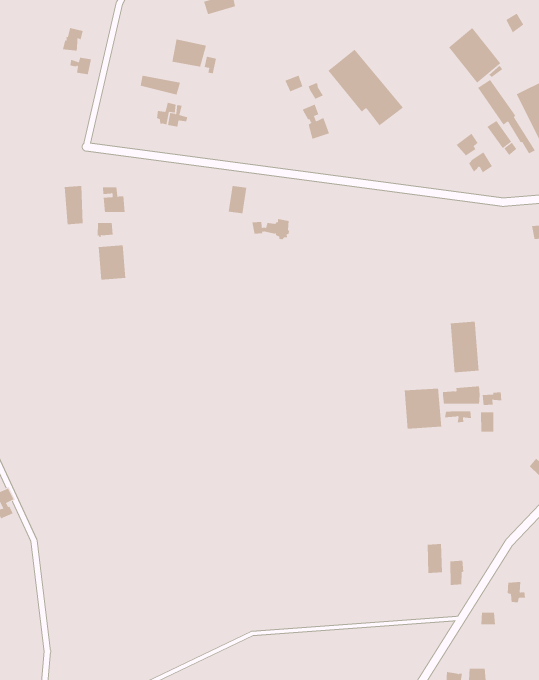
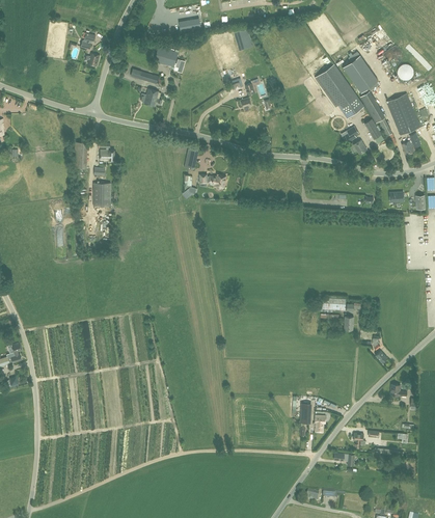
building: [328,49,404,126] -> [315,63,364,117]
building: [450,321,479,373] -> none
building: [404,388,442,430] -> none

